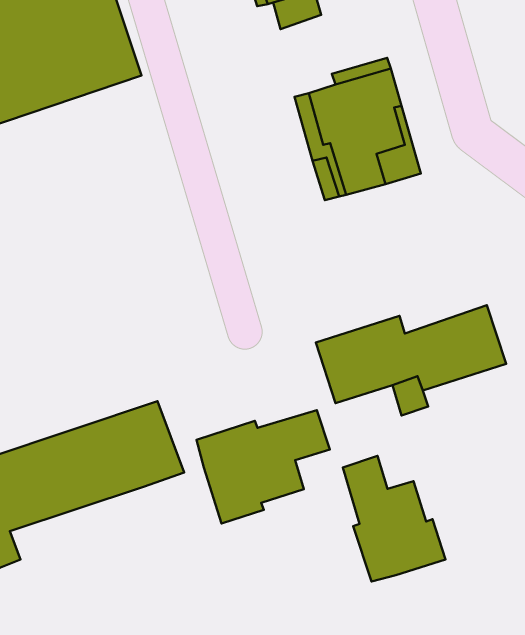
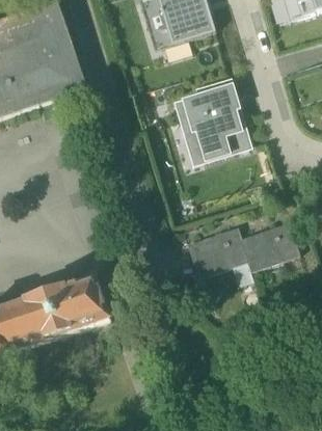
building: [197,410,330,523] -> none
building: [343,456,445,582] -> none

